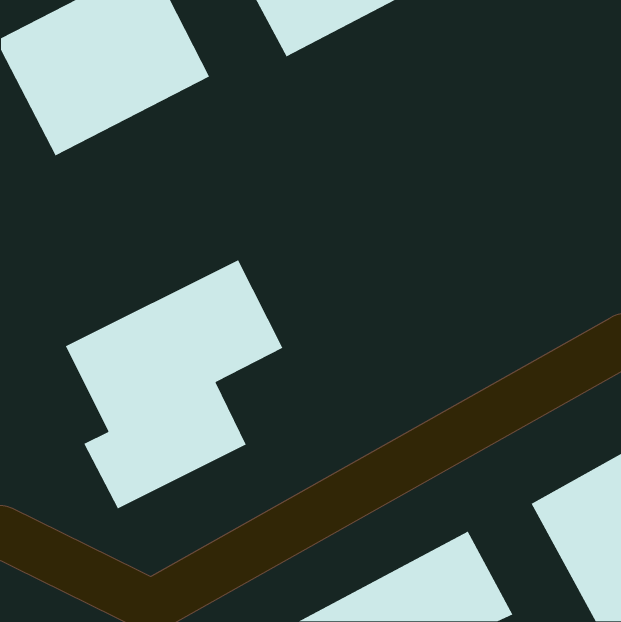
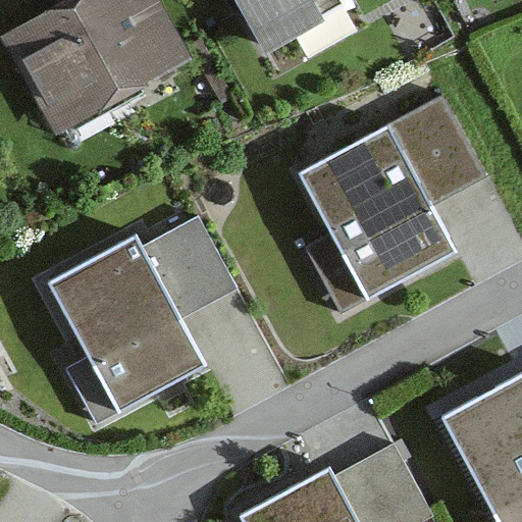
building: none -> [299,100,481,309]

